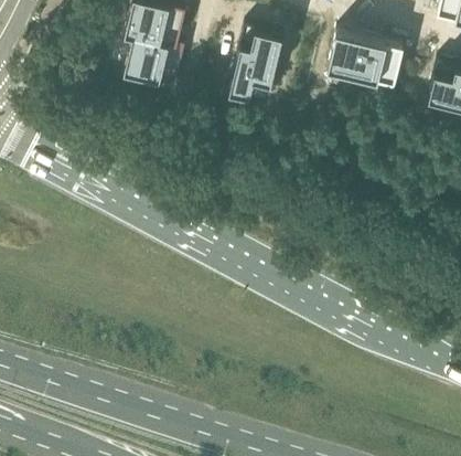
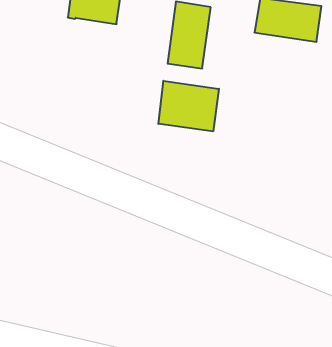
building: [122,38,184,87] -> none
building: none -> [158,81,219,131]

